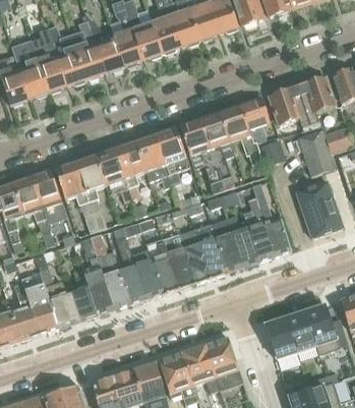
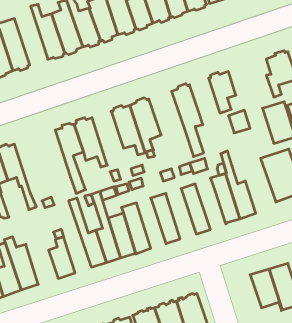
building: [32,27,67,92] -> none
building: [269,84,310,128] -> none
building: [220,105,261,165] -> none
building: [180,119,224,192] -> none
building: [115,139,145,198] -> none
building: [55,161,98,231] -> none
building: [32,169,61,229] -> none
building: [226,216,258,268] -> none
building: [194,224,227,278] -> none
building: [163,234,194,288] -> none
building: [81,237,114,314] -> none
building: [35,253,78,327] -> none
building: [264,316,297,358] -> none

